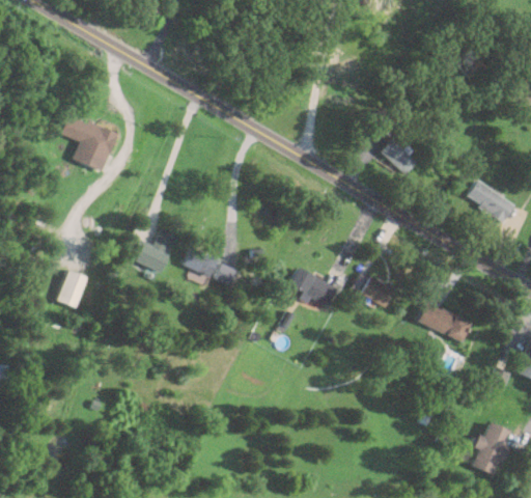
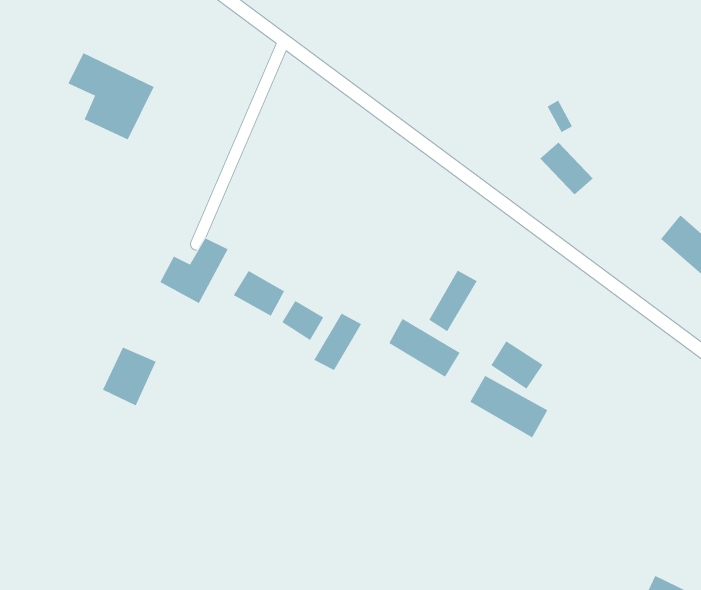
building: none -> [428,270,477,332]
building: none -> [314,313,362,371]
building: [56,270,90,308] -> [102,347,157,406]
building: [418,303,471,341] -> [469,375,548,438]

